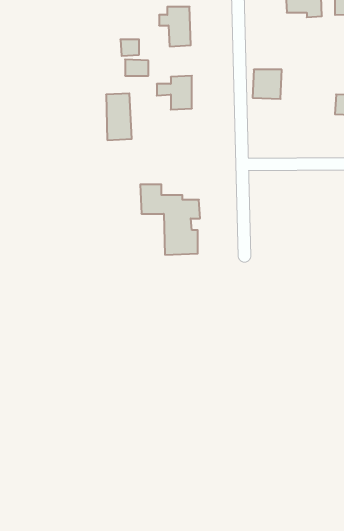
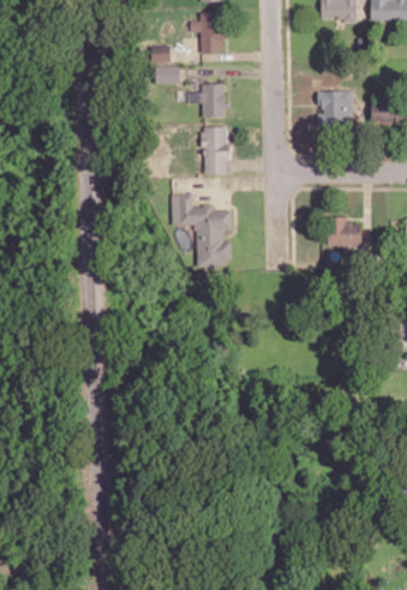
building: [253,70,282,99] -> [324,91,354,121]
building: [106,93,132,140] -> [203,127,229,175]
building: none -> [328,220,363,246]

